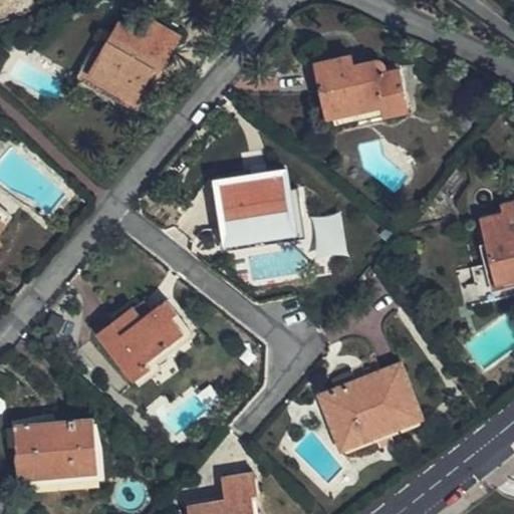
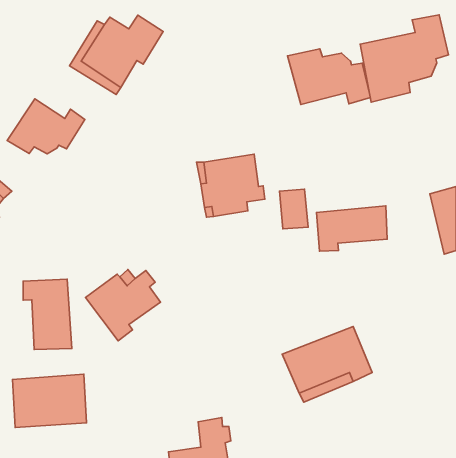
building: none -> [360,15,448,102]
building: none -> [7,99,85,154]
building: none -> [316,206,387,251]
building: none -> [23,279,72,349]

